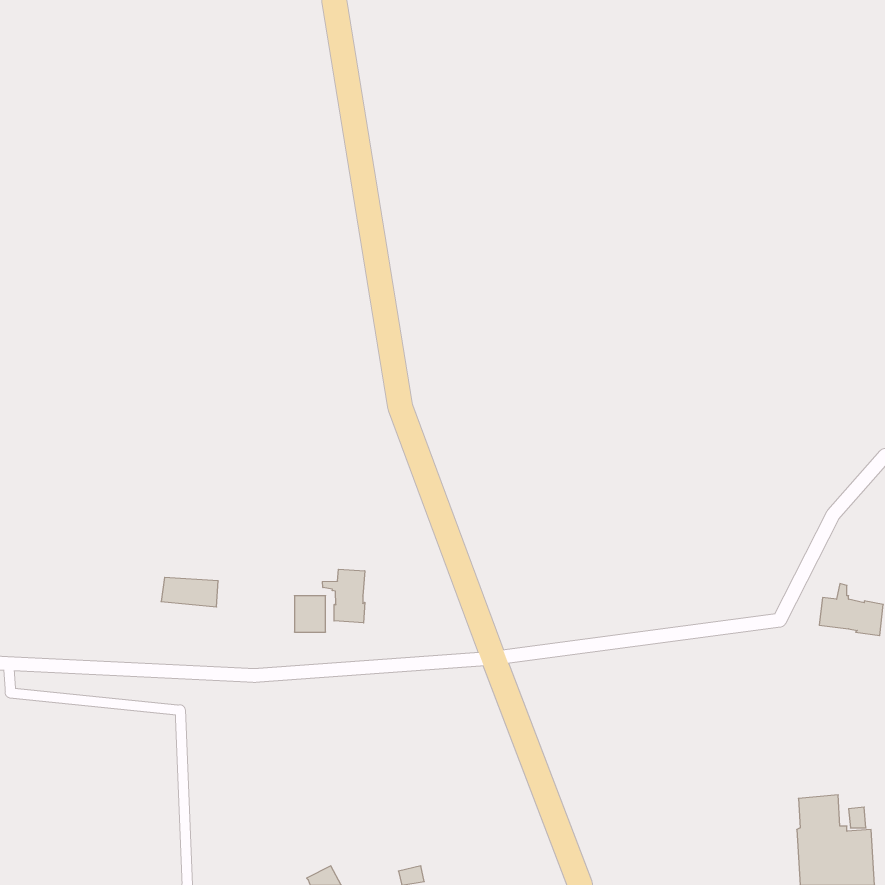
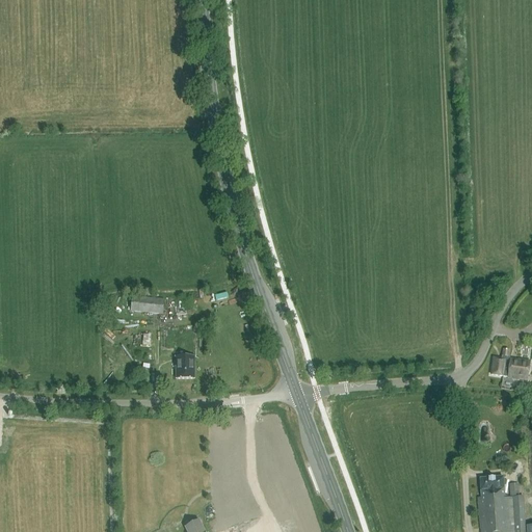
building: [322,569,365,623] -> none
building: [161,577,218,607] -> [130,297,164,315]

